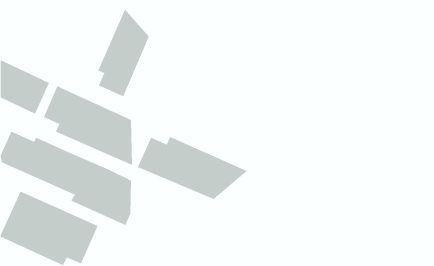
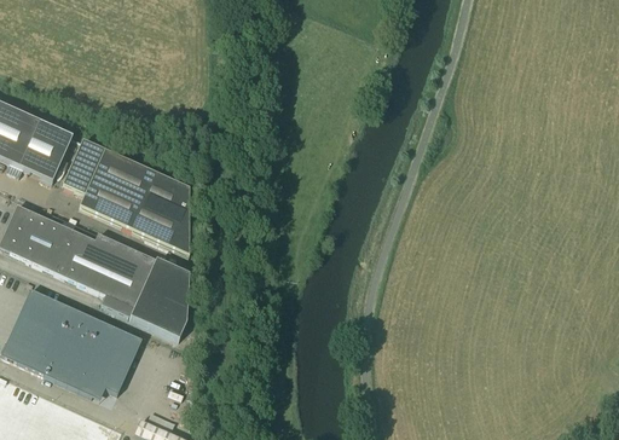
building: [97,9,149,97] -> none
building: [137,136,248,200] -> none

